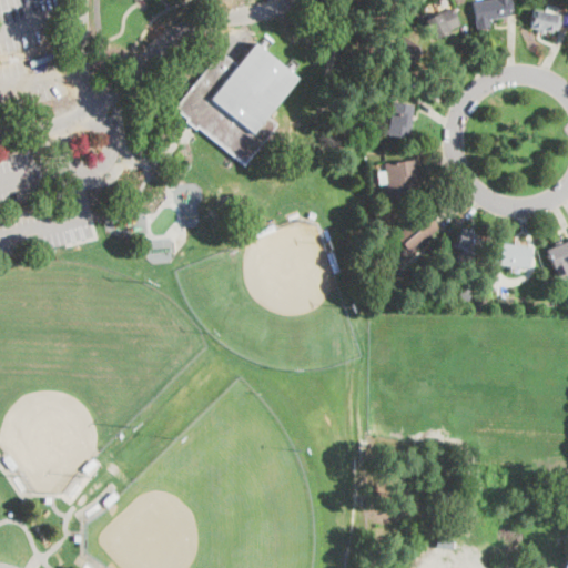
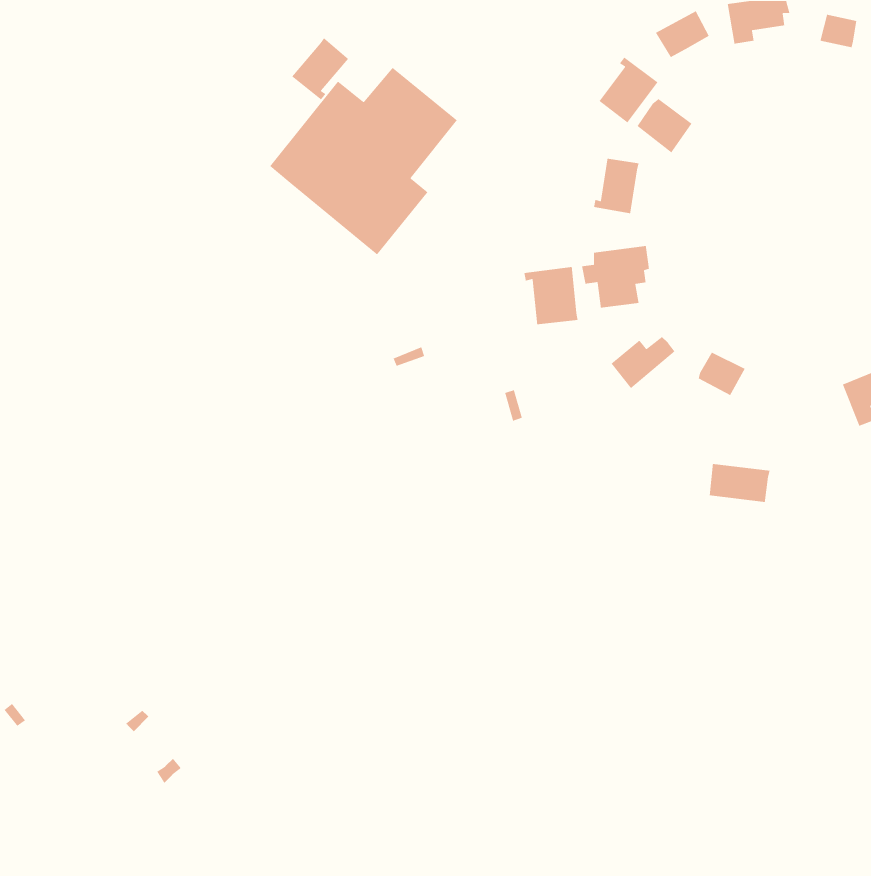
building: none -> [291,37,349,100]
building: none -> [637,98,693,153]
building: none -> [524,266,579,325]
building: [494,242,534,267] -> [709,463,770,503]

